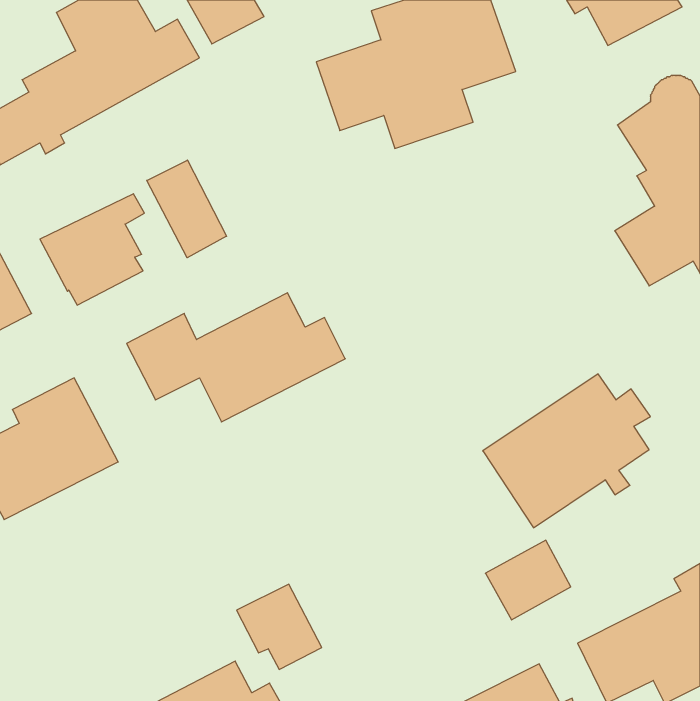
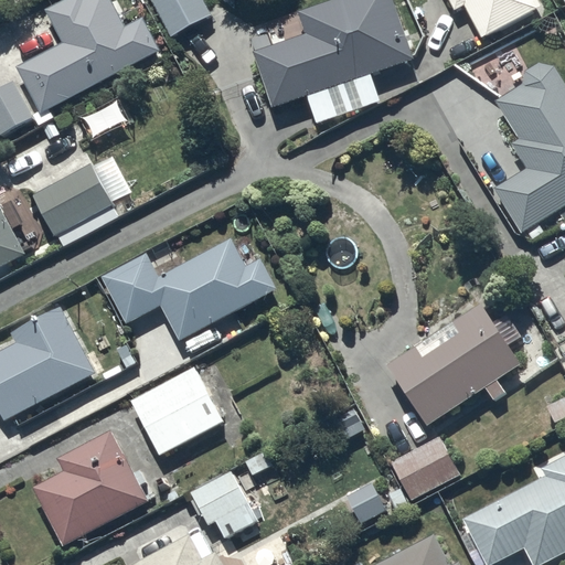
building: [147,160,227,258] -> none
building: none -> [130,365,224,456]
building: none -> [31,429,156,546]

